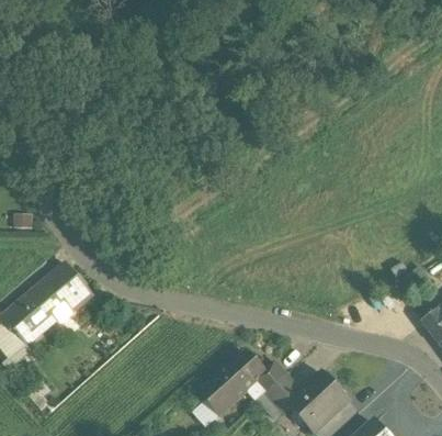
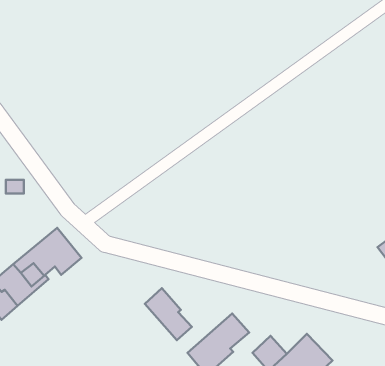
building: none -> [145,288,192,340]
building: [246,362,286,401] -> none

